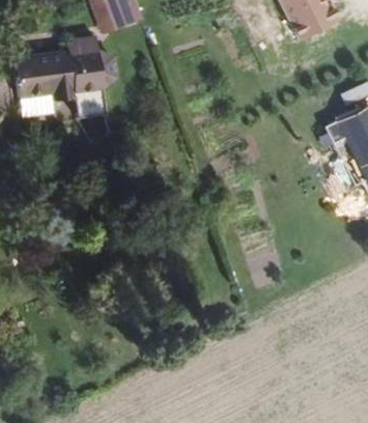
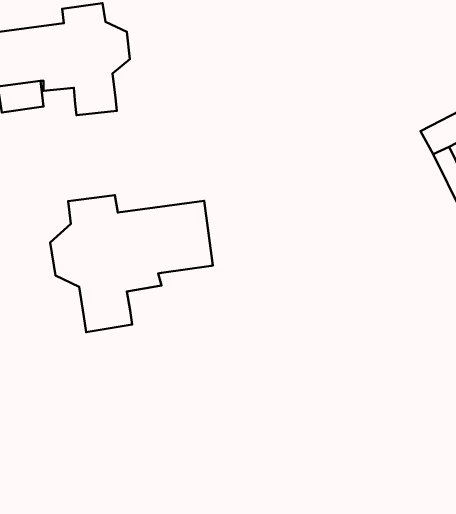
building: none -> [50,195,213,332]

